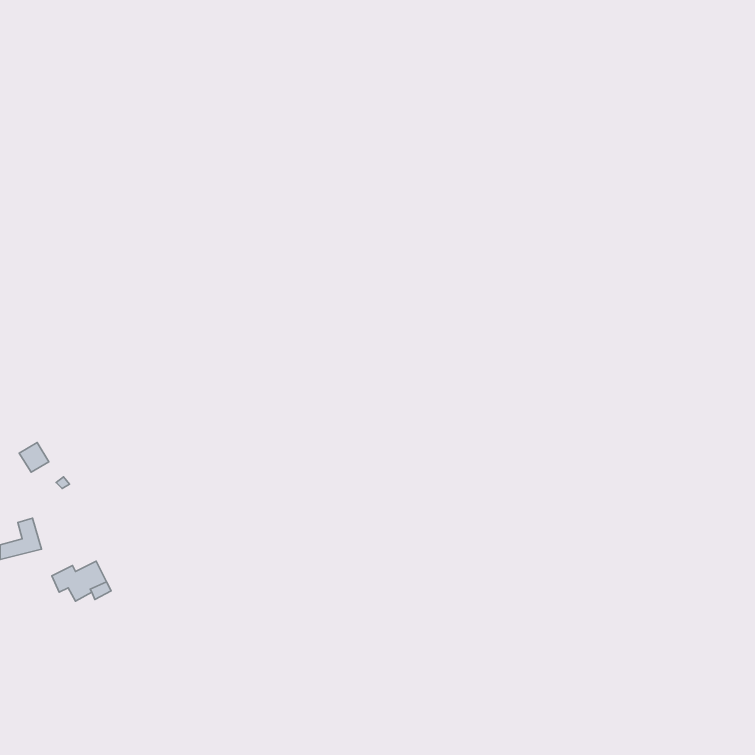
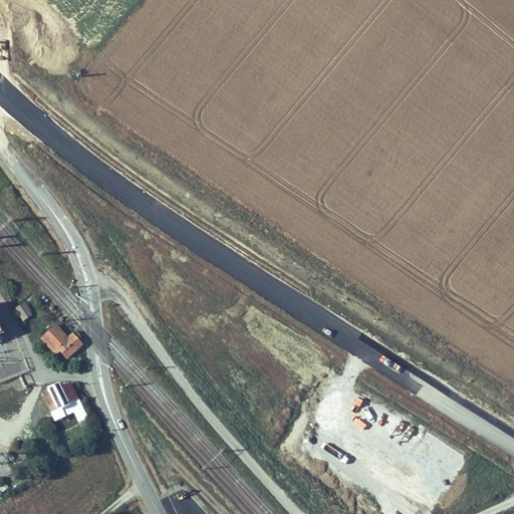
building: none -> [46,328,77,354]

